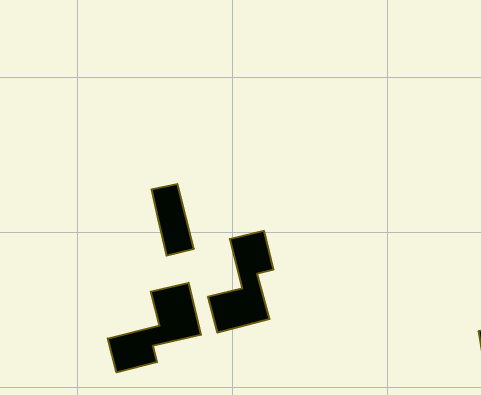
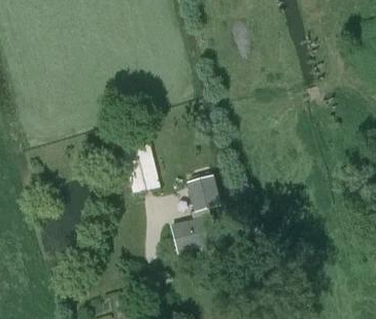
building: [108,283,201,372] -> none

